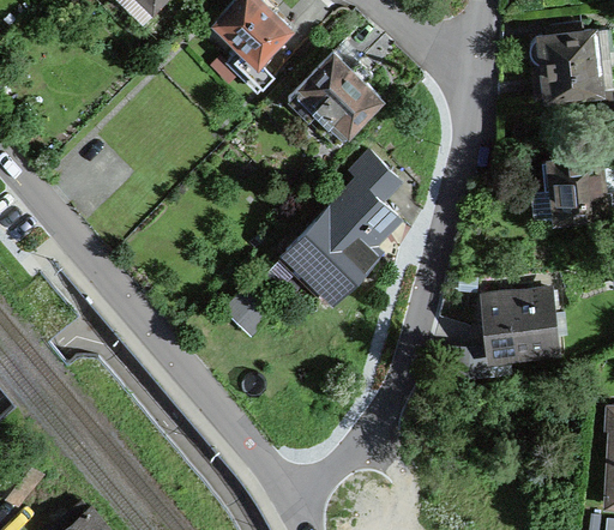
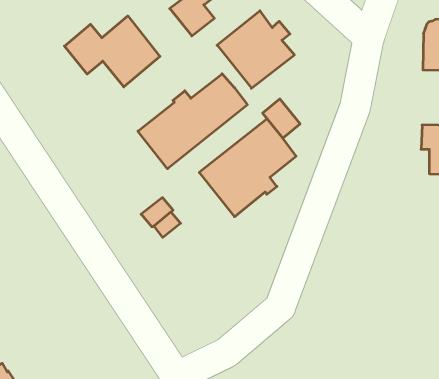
building: none -> [64,16,160,87]
building: none -> [138,74,247,169]
building: [483,291,558,359] -> none

